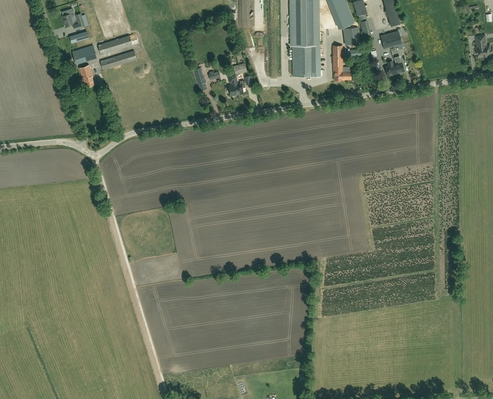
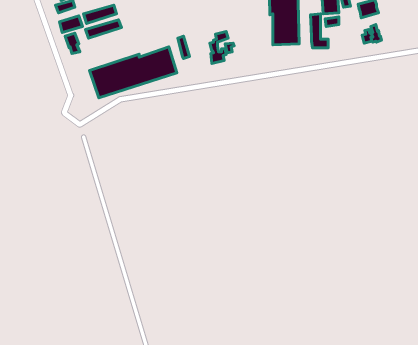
building: none -> [89,47,177,98]

